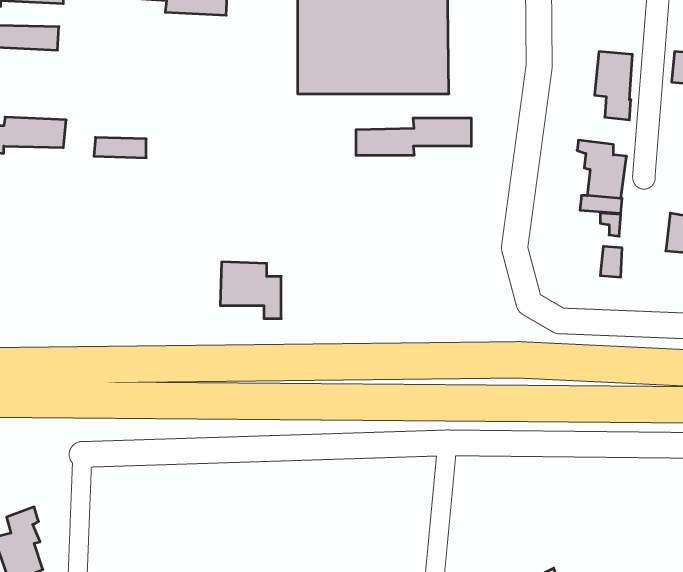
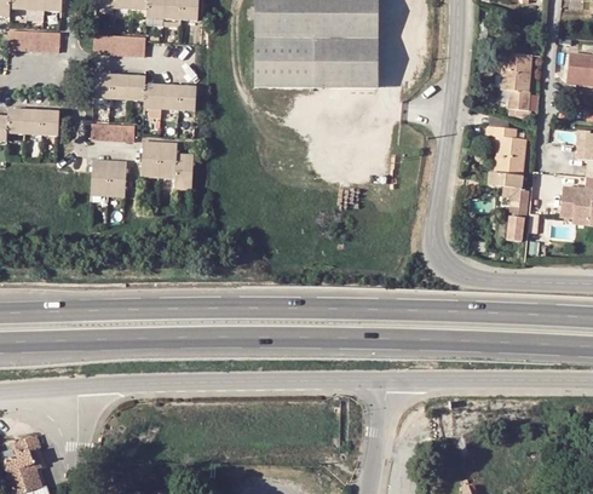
building: none -> [92,34,143,54]
building: none -> [90,74,194,110]
building: [356,118,471,155] -> none
building: none -> [84,159,120,196]
building: [220,262,281,319] -> [140,142,191,189]

